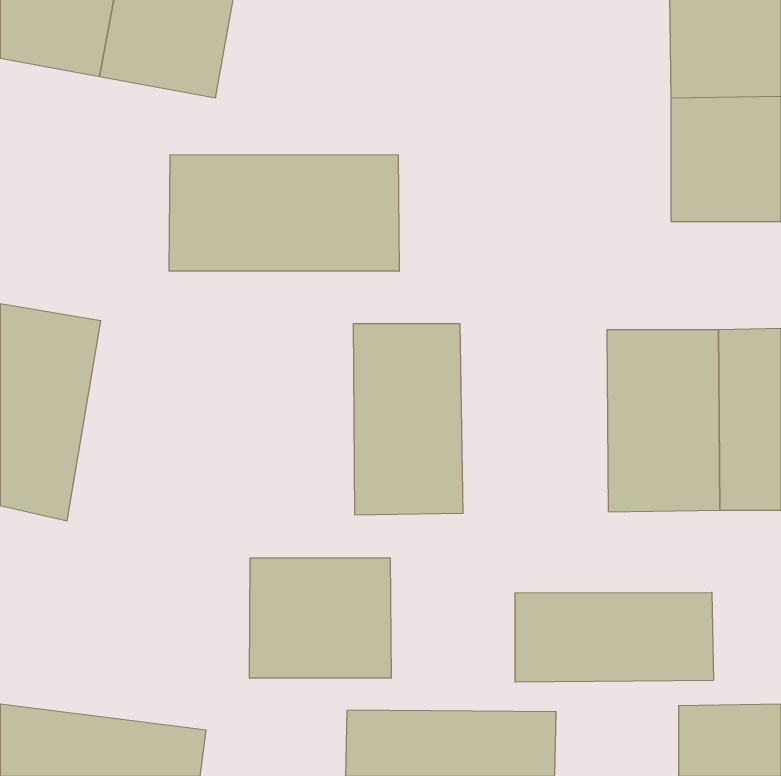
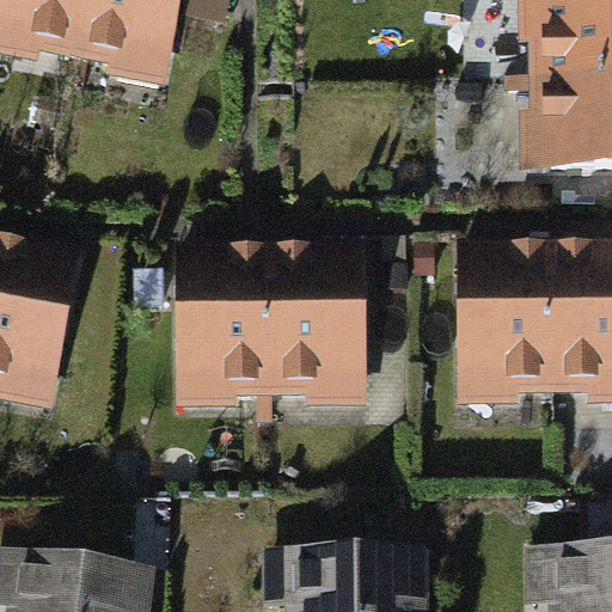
building: [169,155,399,271] -> none
building: none -> [185,253,277,403]
building: [250,558,391,678] -> none
building: [515,592,713,682] -> none

